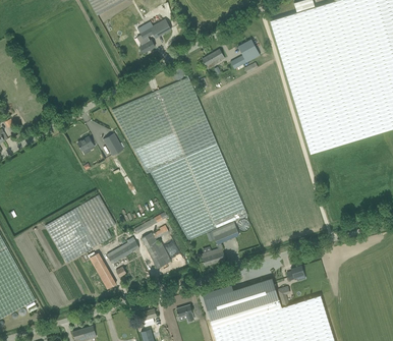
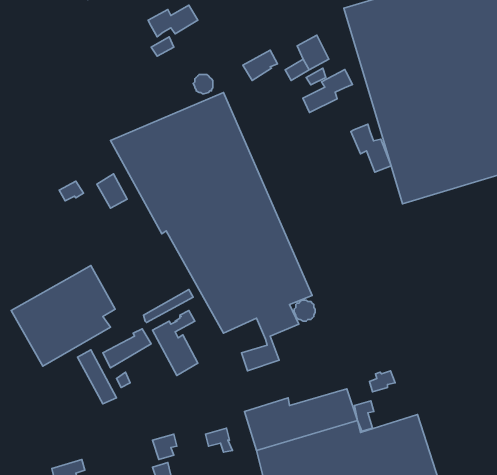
building: none -> [303,69,353,113]
building: none -> [351,124,391,172]

